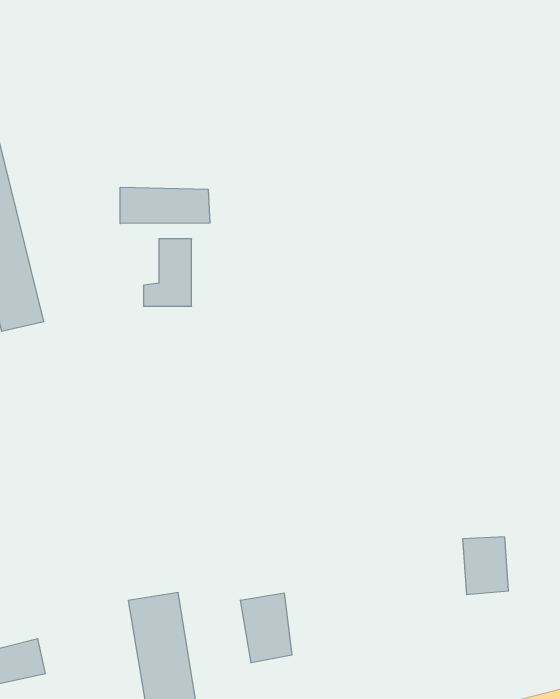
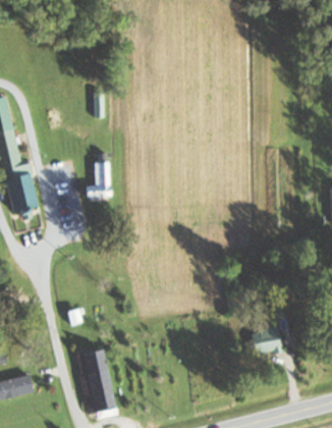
building: [120,187,210,224] -> none
building: [240,593,292,663] -> none

